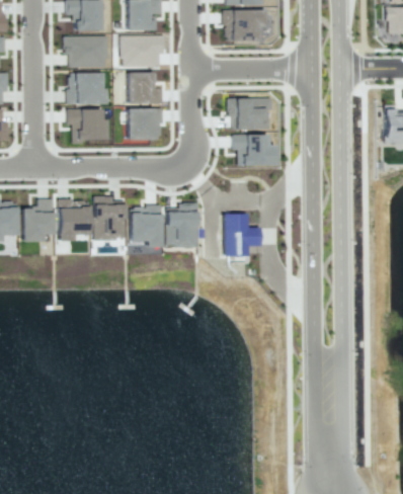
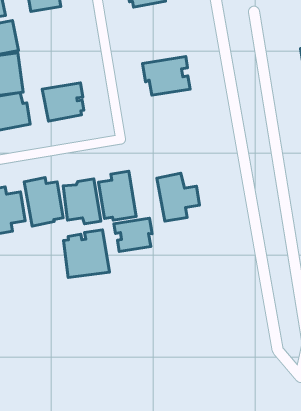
building: [120,35,166,67] -> none
building: [126,72,163,104] -> none
building: [233,134,275,166] -> none
building: none -> [114,218,152,252]
building: none -> [63,230,109,278]

